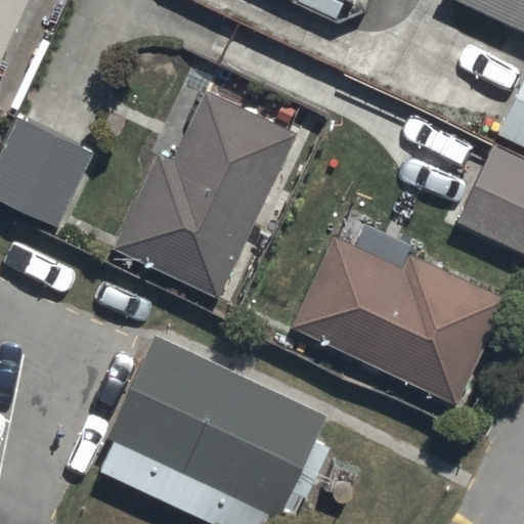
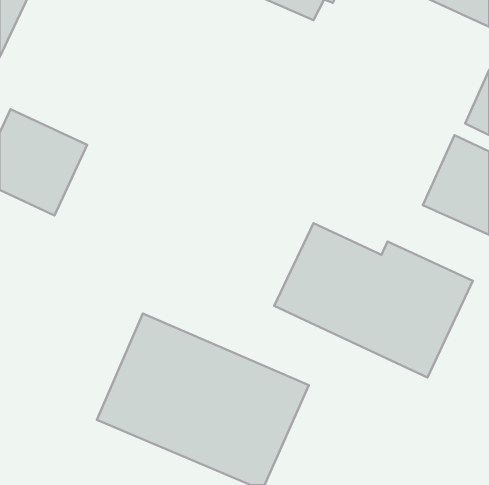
building: [111,92,296,300] -> none

